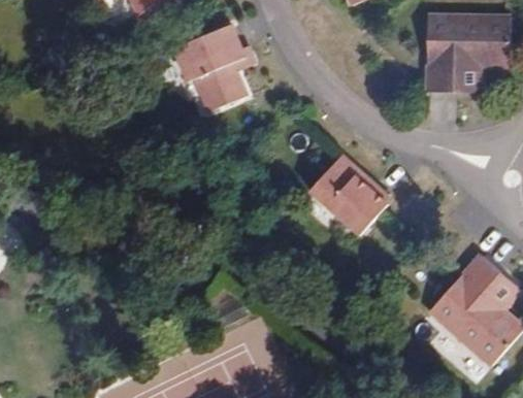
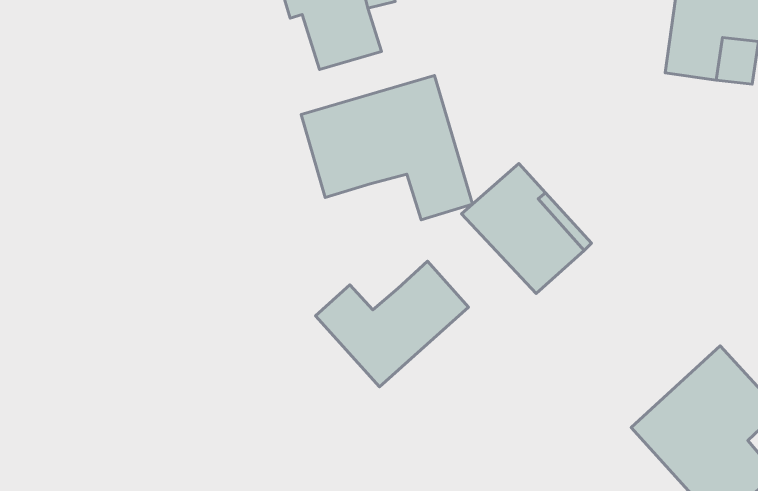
building: none -> [301,75,473,220]
building: none -> [316,261,468,387]

